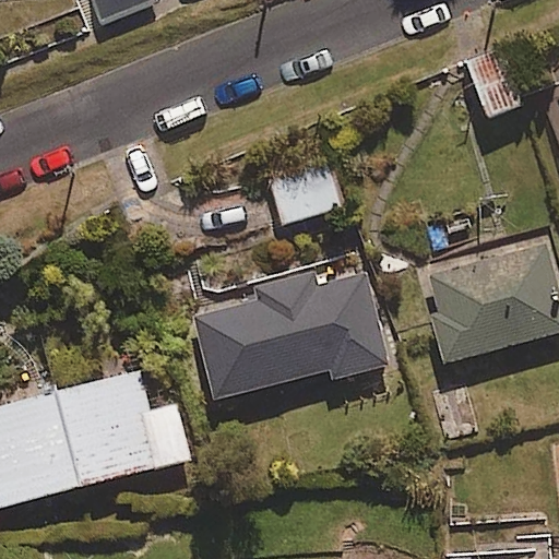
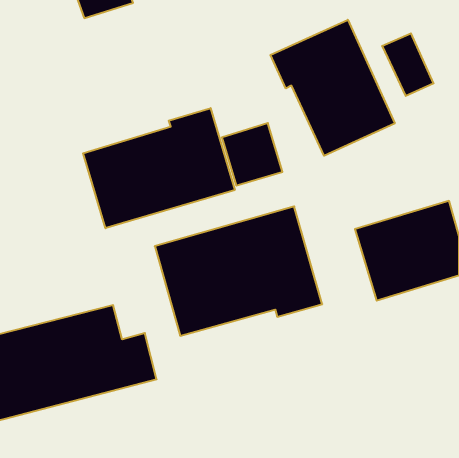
building: none -> [270,20,395,156]
building: none -> [83,108,235,228]

